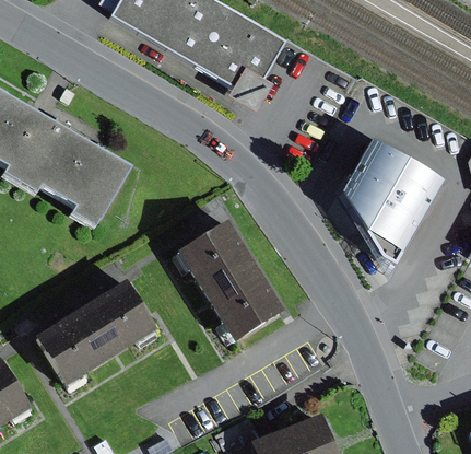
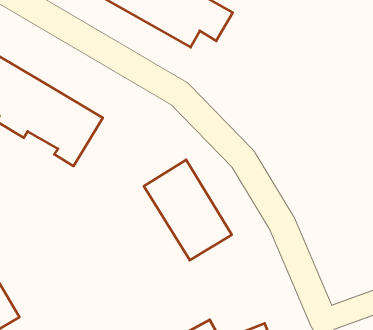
building: [342,141,440,265] -> none
building: [35,279,155,384] -> none

